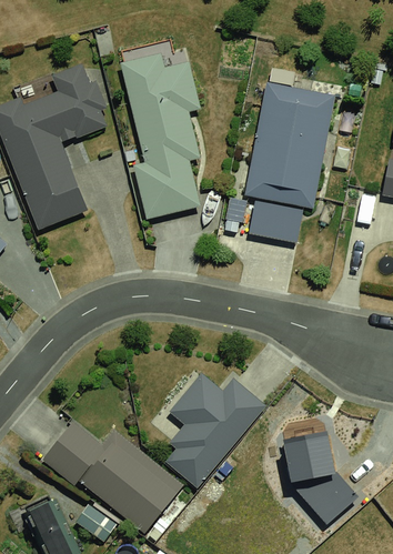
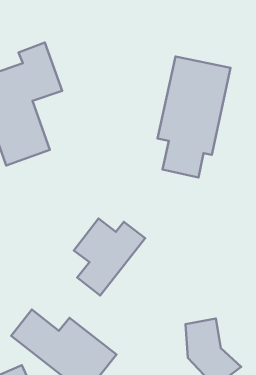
building: [113,43,203,218] -> none
building: [165,372,262,476] -> [74,219,145,296]

